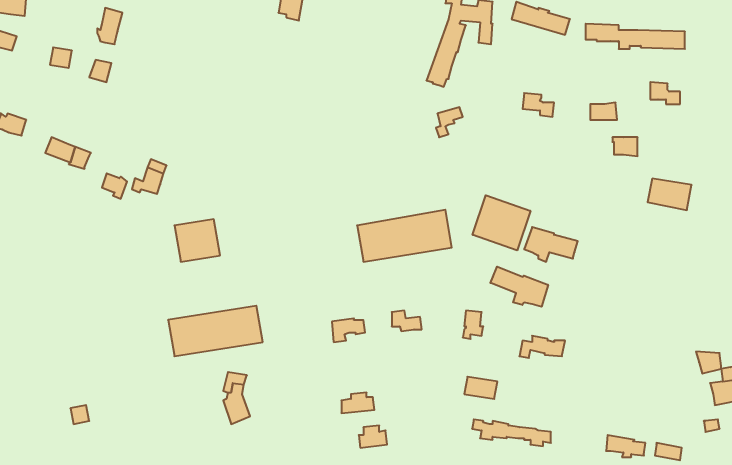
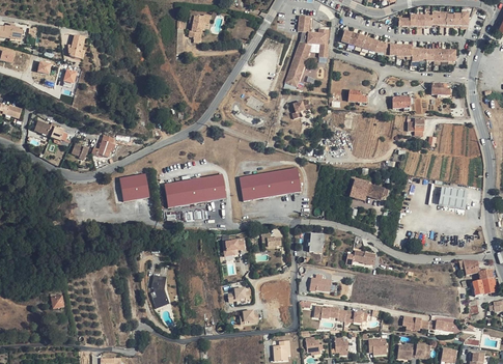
building: [648,179,692,210] -> [439,188,468,208]
building: [473,195,530,250] -> none
building: [490,267,548,307] -> none
building: [168,306,263,356] -> [164,174,226,207]

